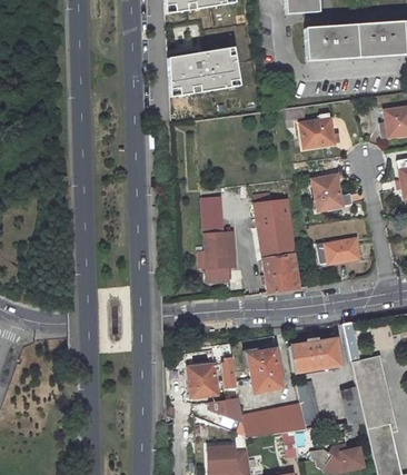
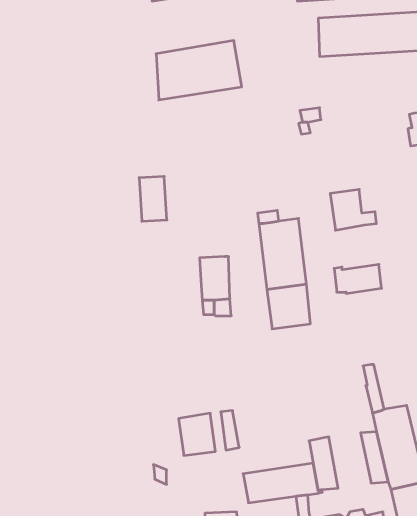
building: [302,111,341,146] -> none
building: [202,194,226,231] -> [139,176,167,221]
building: [290,337,341,373] -> none
building: [248,349,282,393] -> none
building: [207,395,241,425] -> none

